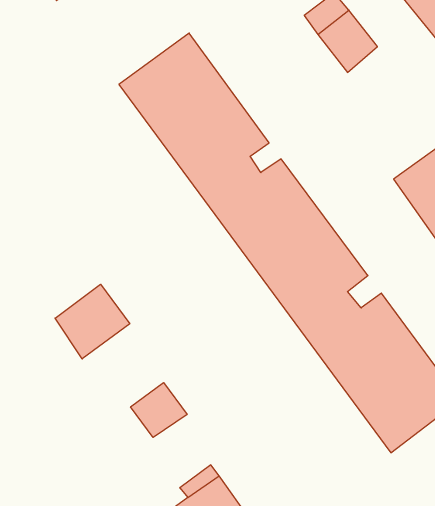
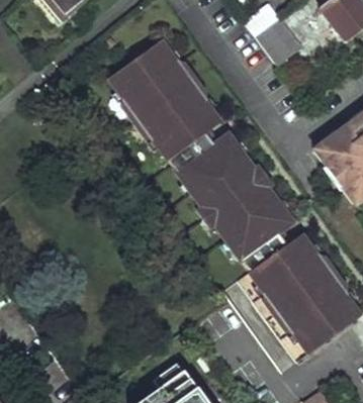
building: [55,284,130,359] -> none
building: [131,383,187,437] -> none

